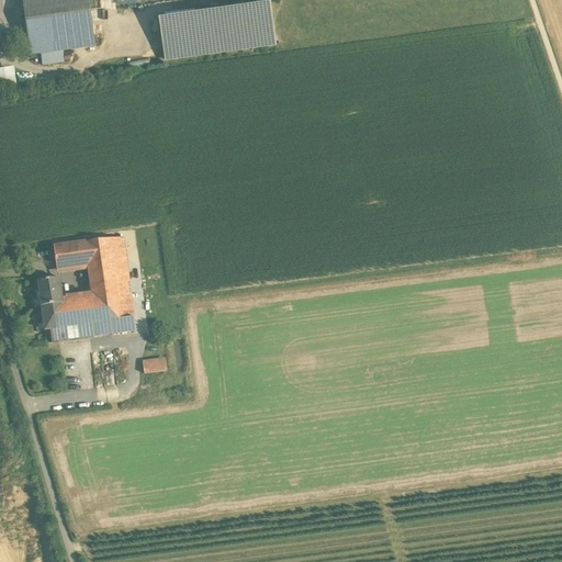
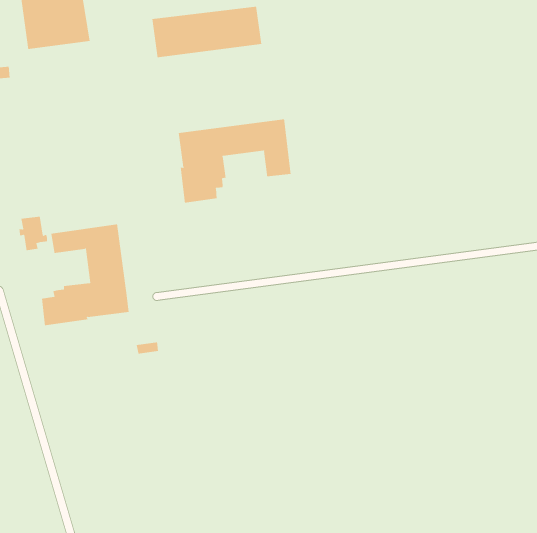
building: none -> [178,119,291,204]
building: [35,276,66,312] -> [18,216,48,251]

